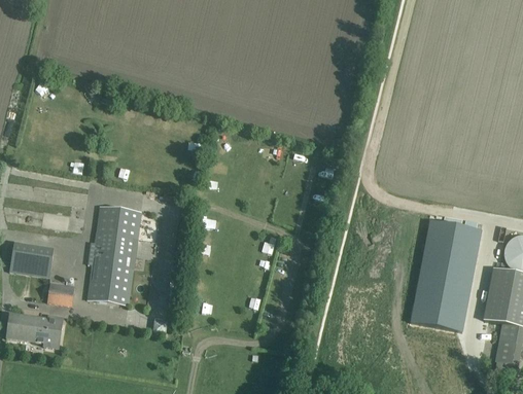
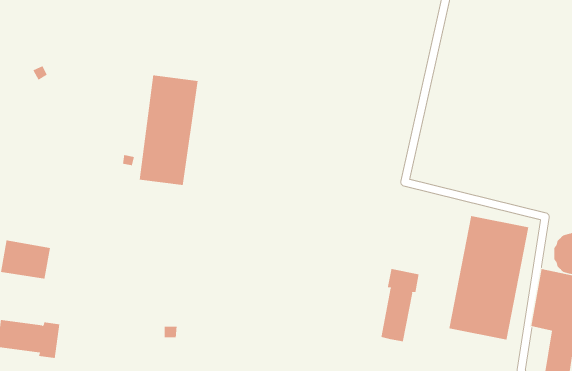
building: [88,206,141,305] -> [139,75,199,186]
building: none -> [381,268,419,342]
building: [47,282,74,306] -> none

